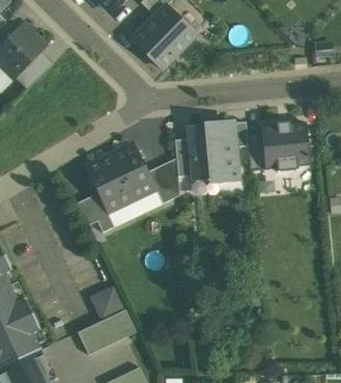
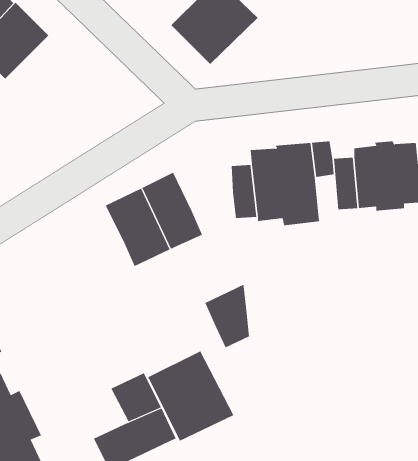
building: [147,158,179,203] -> [205,284,250,348]
building: [75,192,113,231] -> none
building: none -> [147,350,234,442]

